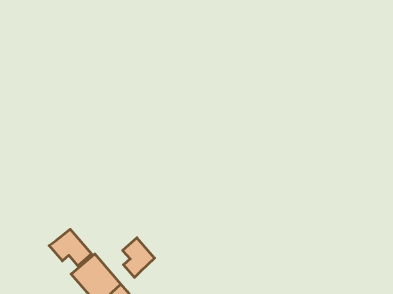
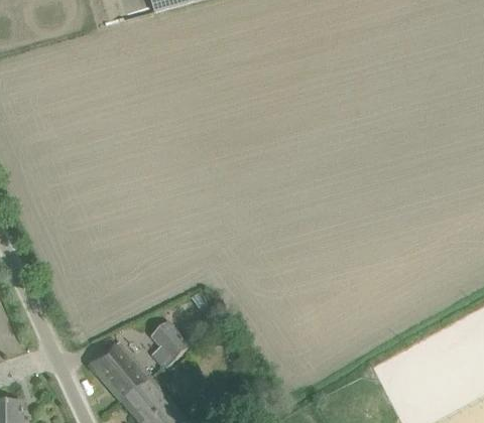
building: [49,229,92,266] -> none

